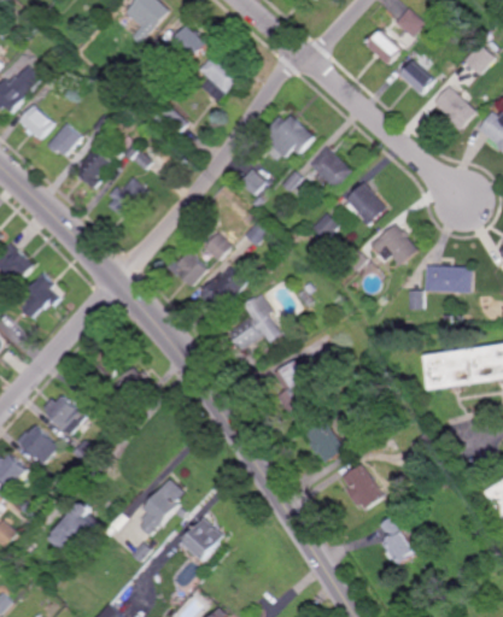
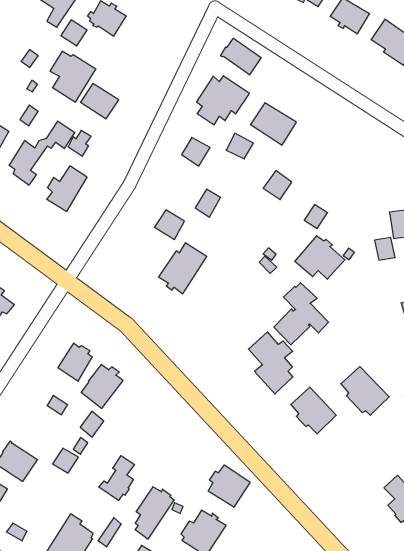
building: [198,51,241,100] -> [50,51,96,102]
building: none -> [221,38,261,75]
building: [343,181,385,224] -> none
building: [369,224,416,266] -> [295,236,345,279]
building: [165,251,206,286] -> none
building: [227,293,279,349] -> [274,283,329,345]
building: [41,395,84,434] -> none
building: none -> [99,456,134,500]
building: [339,464,382,511] -> [341,367,389,415]
building: none -> [208,465,250,507]

